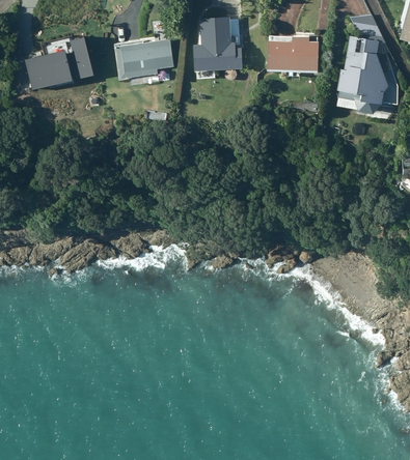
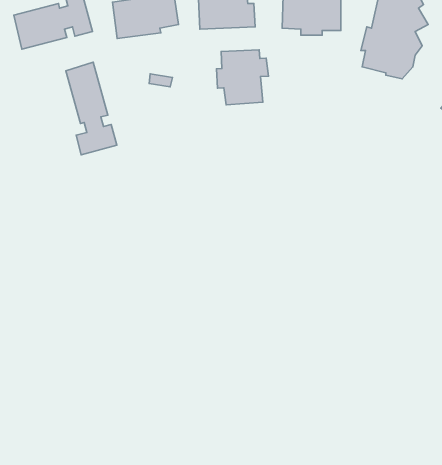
building: none -> [217,50,268,105]
building: none -> [66,62,117,155]

